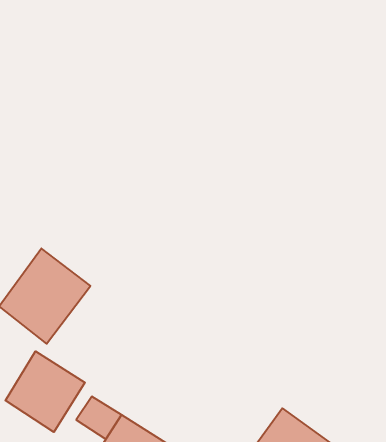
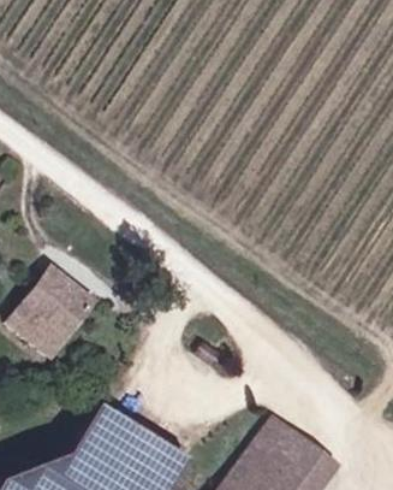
building: [5,351,85,432] -> none

